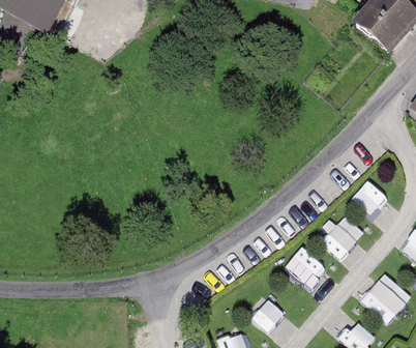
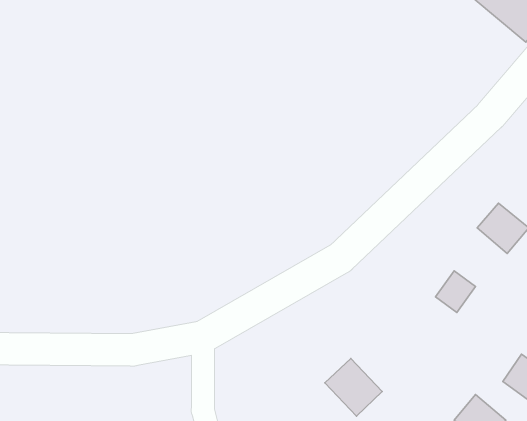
building: [281,242,328,287] -> none

